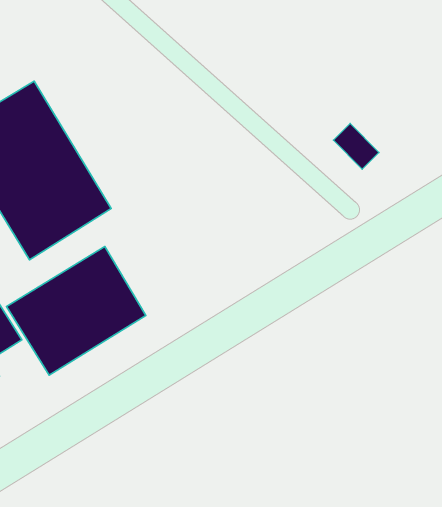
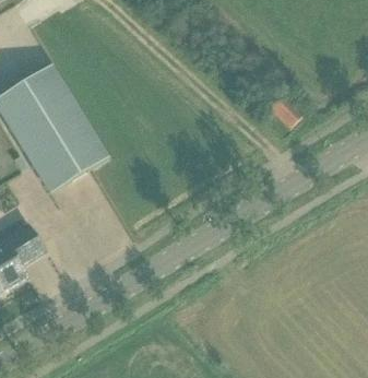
building: [7,247,146,375] -> none

